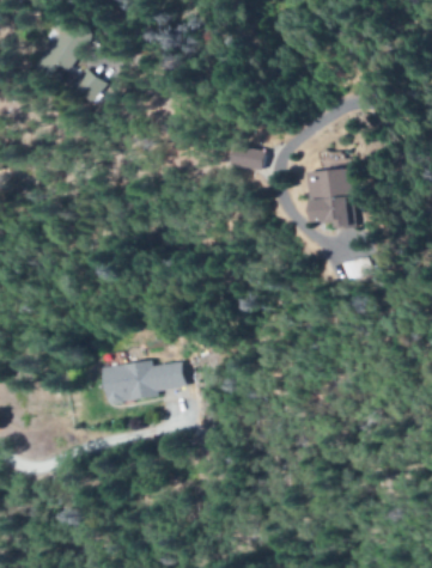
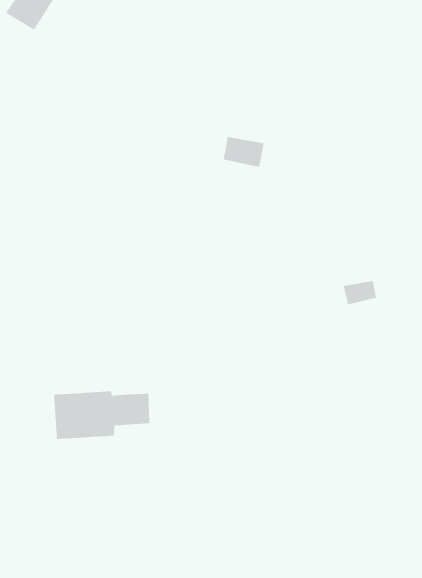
building: [73,67,105,98] -> none
building: [308,169,352,228] -> none

